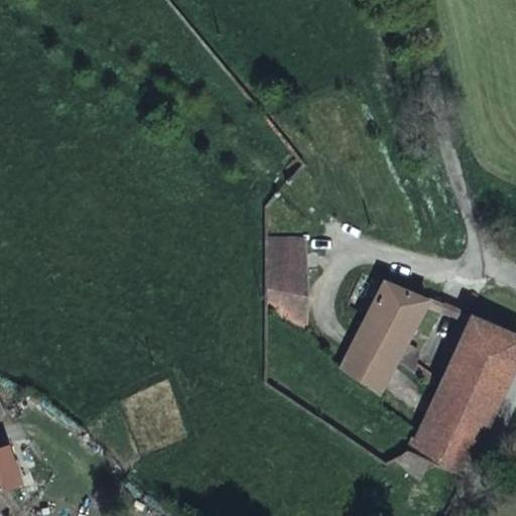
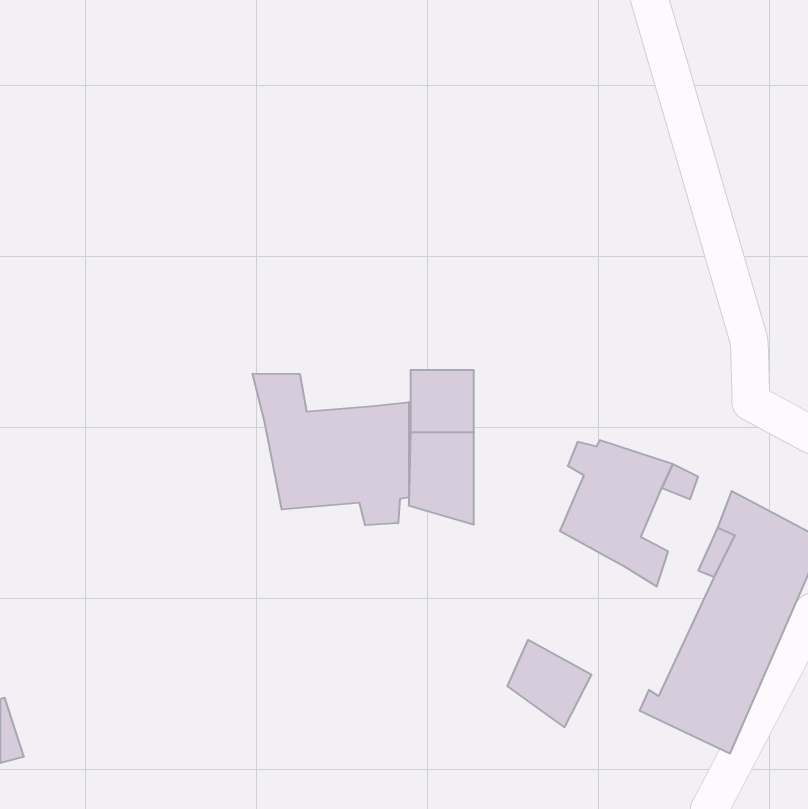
building: none -> [252,374,409,525]
building: [345,337,398,392] -> [507,640,592,727]

